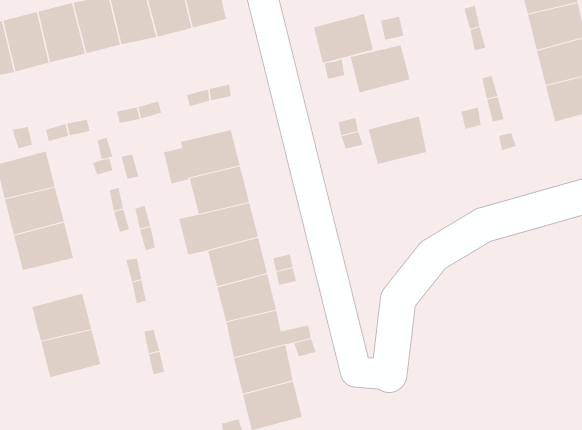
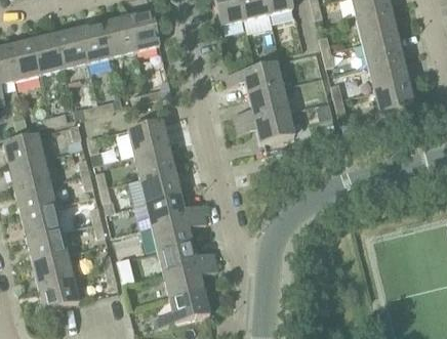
building: [313,13,374,63] -> [248,84,289,118]
building: none -> [21,205,62,238]
building: none -> [39,274,86,309]

